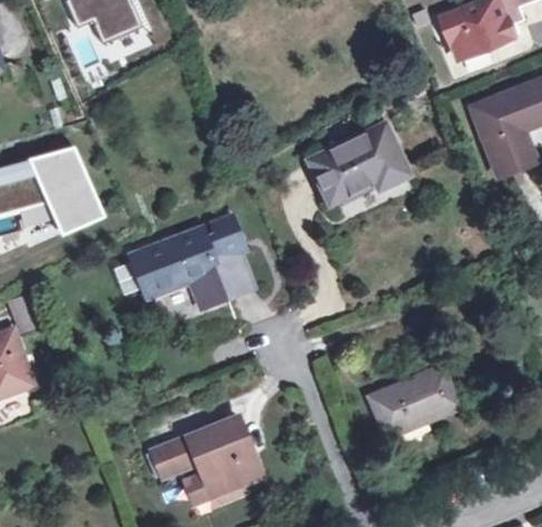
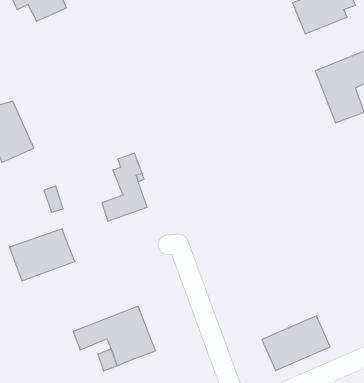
building: [311,125,407,200] -> none
building: [131,228,217,297] -> [9,229,75,281]
building: [368,366,458,438] -> [262,316,330,371]

